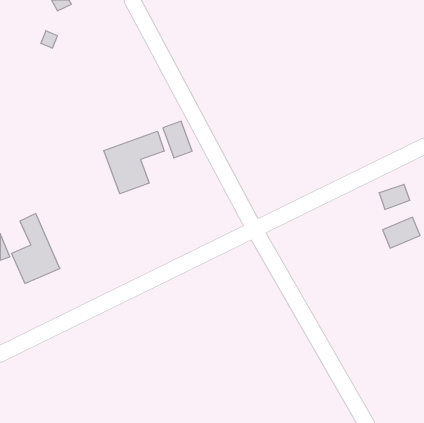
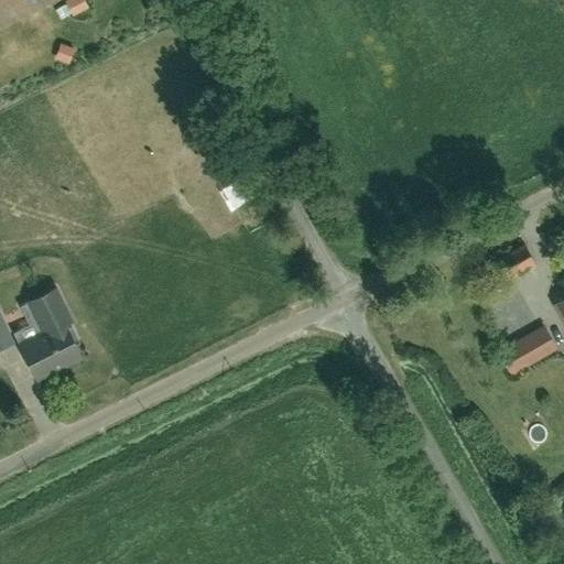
building: [104,131,164,194] -> none
building: [383,217,420,248] -> [503,328,553,369]

